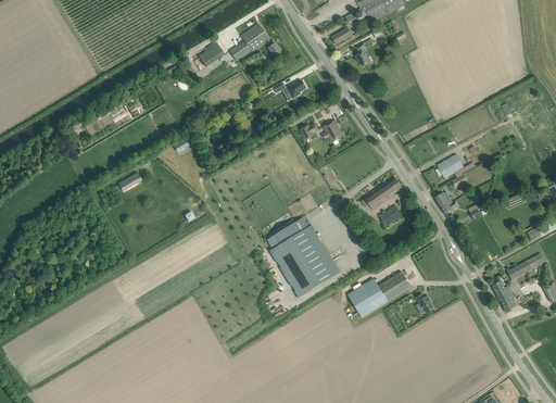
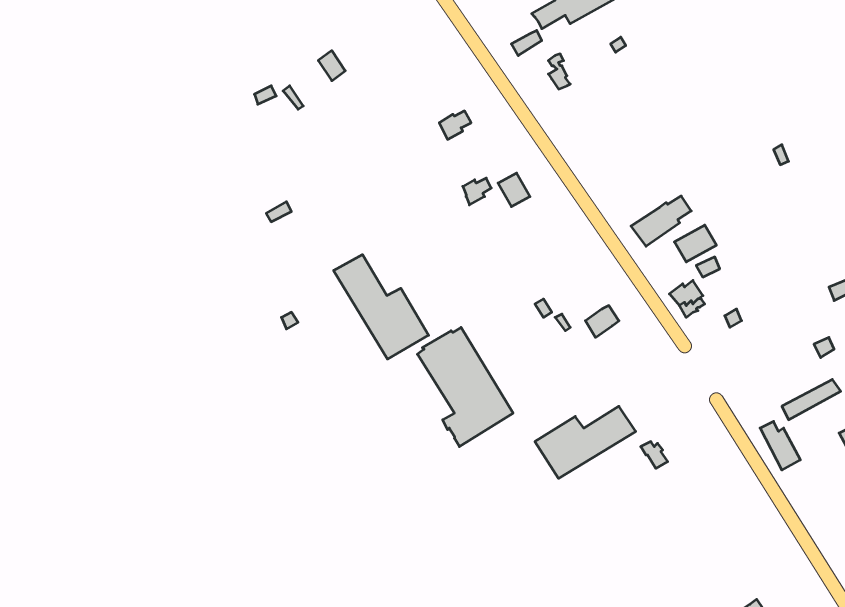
building: [229,23,280,60] -> none
building: none -> [334,255,429,359]
building: [363,177,402,210] -> [631,196,691,246]

